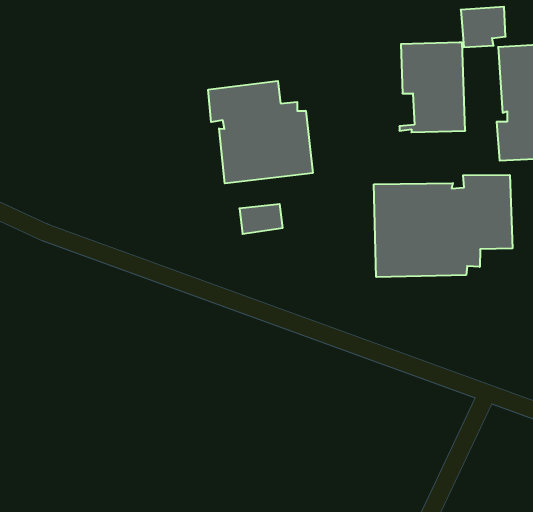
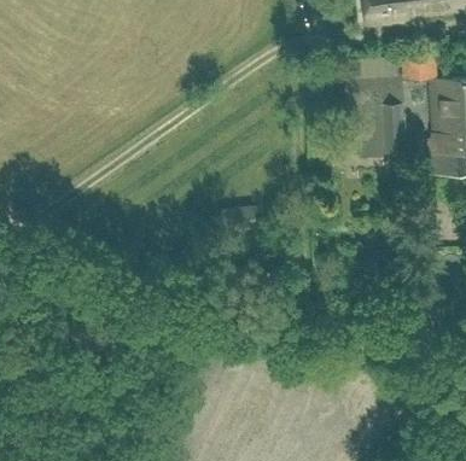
building: [208,81,313,183] -> none
building: [374,175,512,277] -> none

